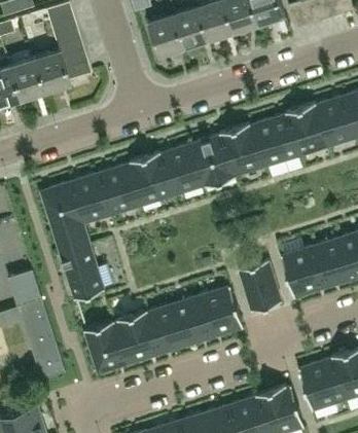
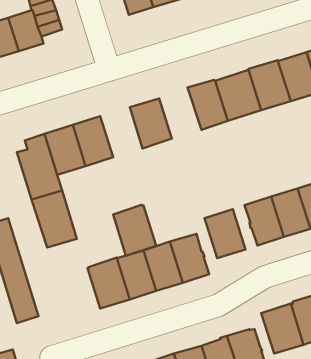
building: [191,133,236,187] -> none
building: [130,152,174,206] -> none
building: [84,321,130,374] -> [113,205,156,256]

